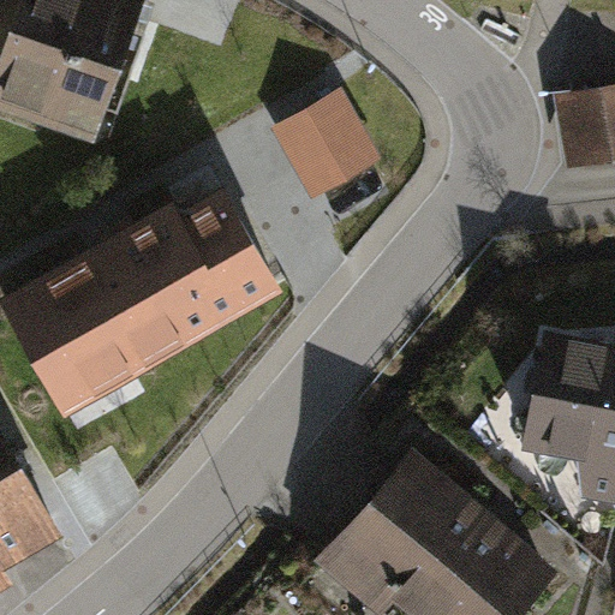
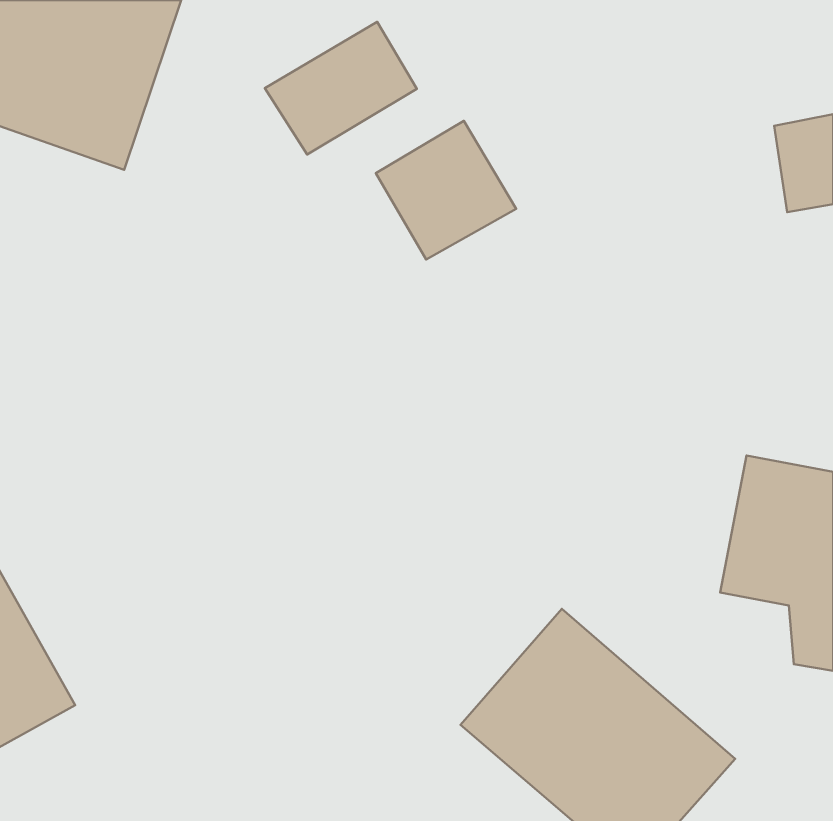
building: none -> [265,22,417,154]
building: [7,198,271,387] -> none

